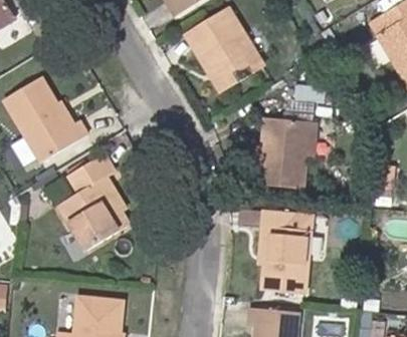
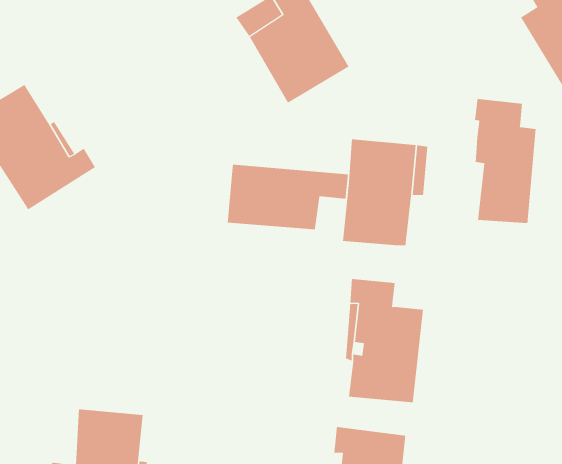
building: none -> [474,98,536,224]
building: none -> [227,164,348,230]
building: [61,154,131,252] -> none

